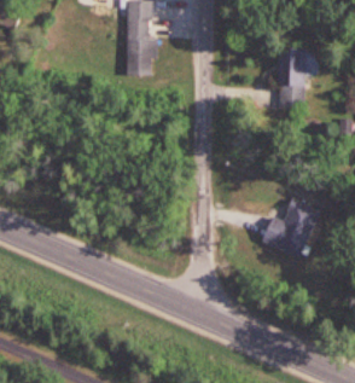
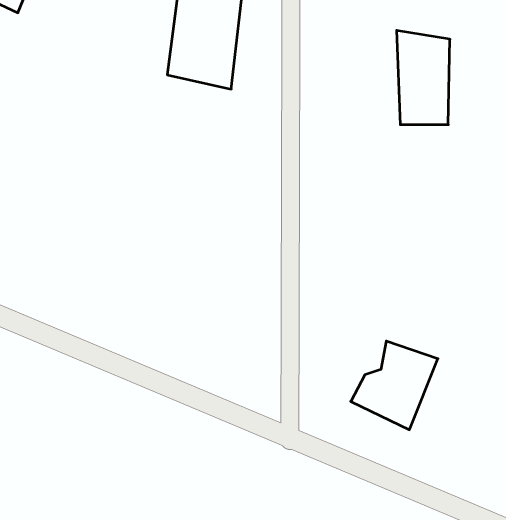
building: [263,196,322,256] -> [351,341,438,430]

